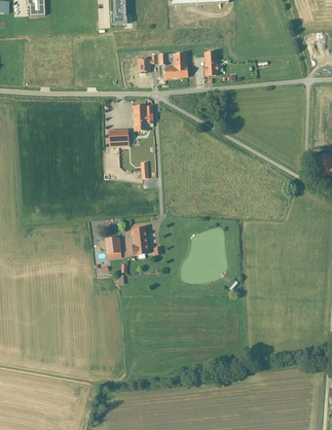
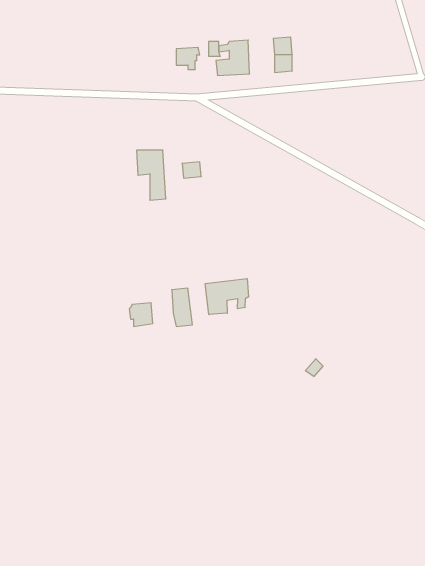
building: [133,105,152,130] -> none
building: none -> [205,279,249,315]

